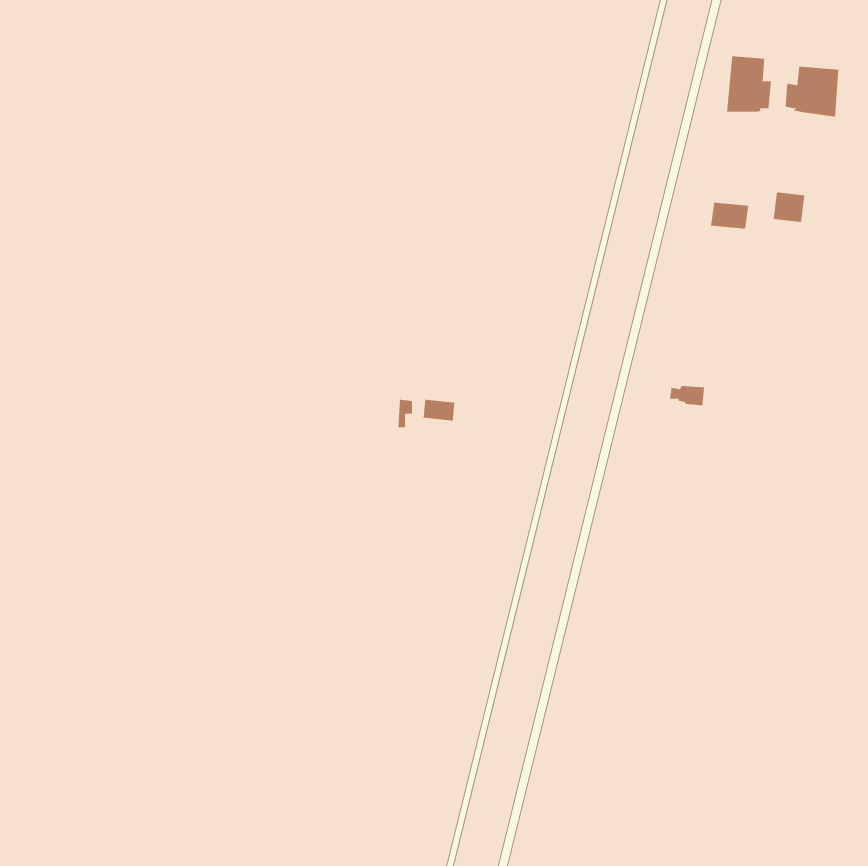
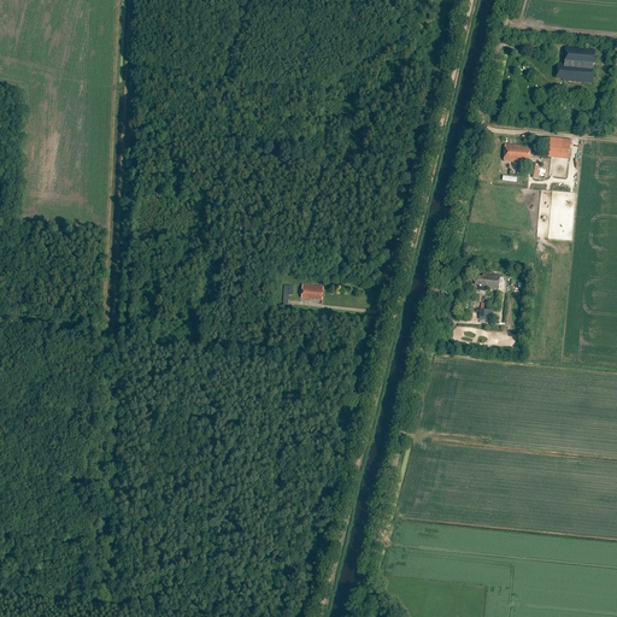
building: [726,55,772,112] -> none

